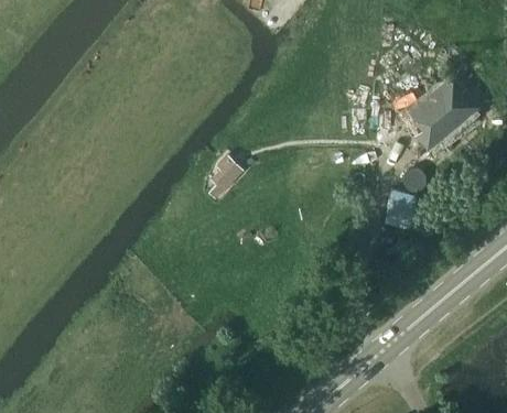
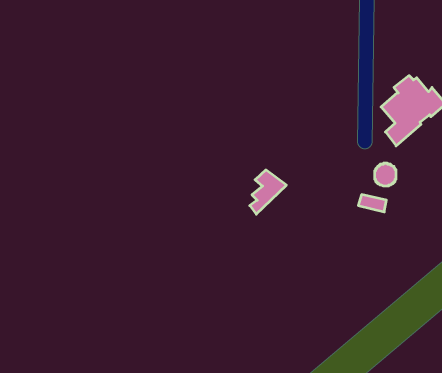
building: [211,159,248,204] -> [250,170,286,214]

